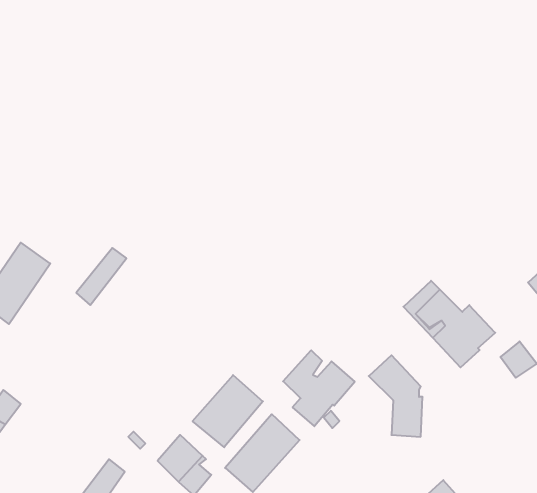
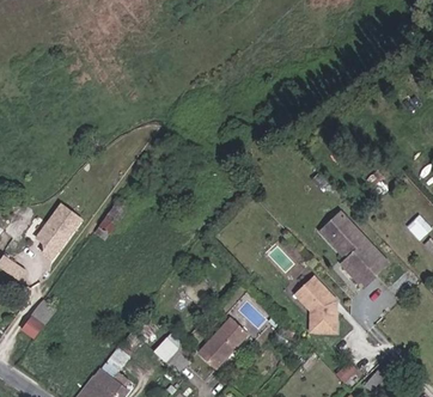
building: [283,350,355,426] -> none
building: [193,375,263,447] -> none

